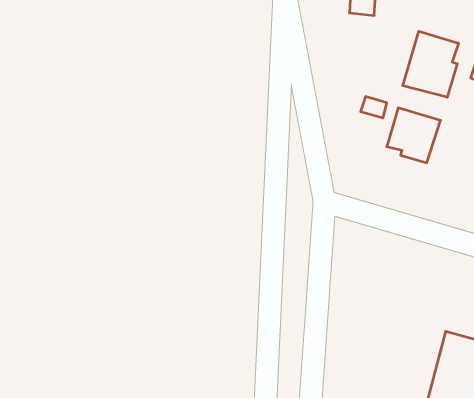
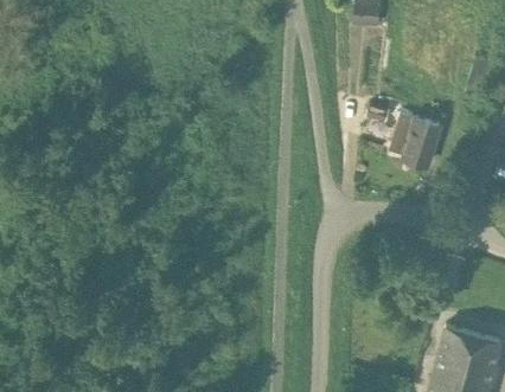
building: [403,31,458,97] -> none

